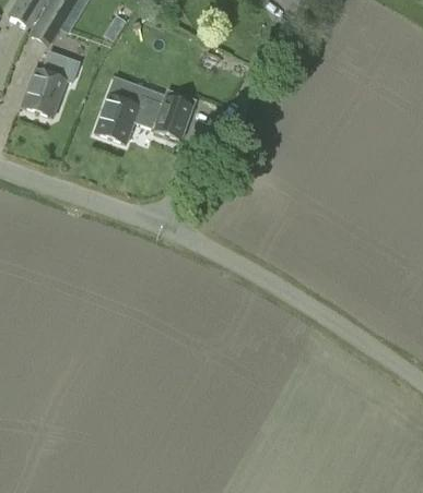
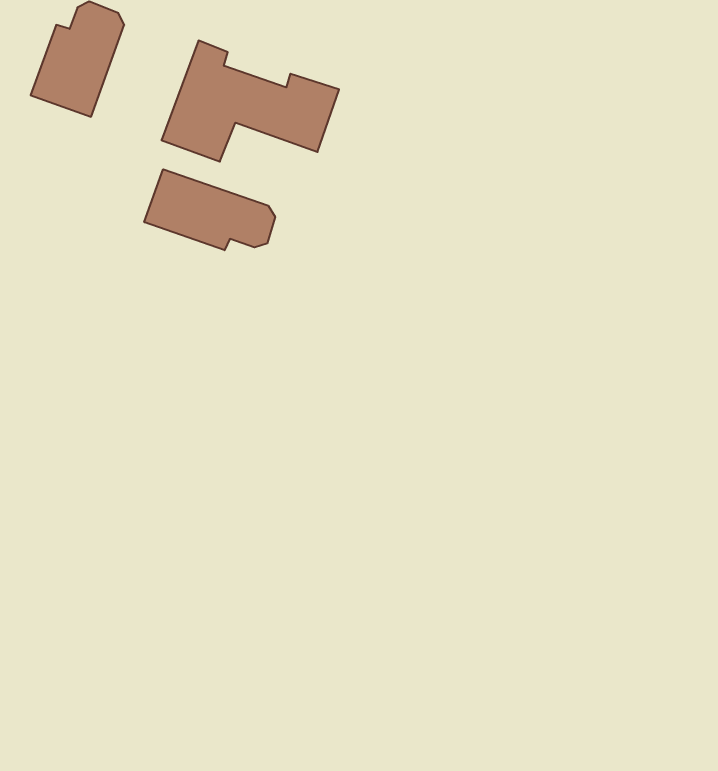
building: none -> [144,169,275,250]

